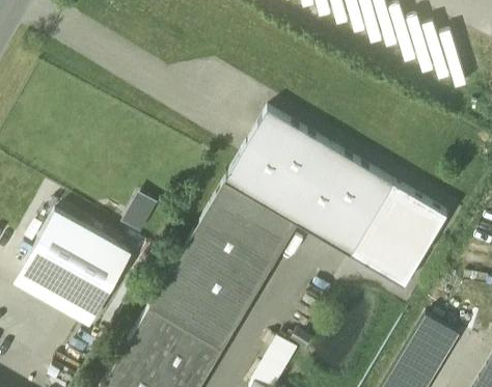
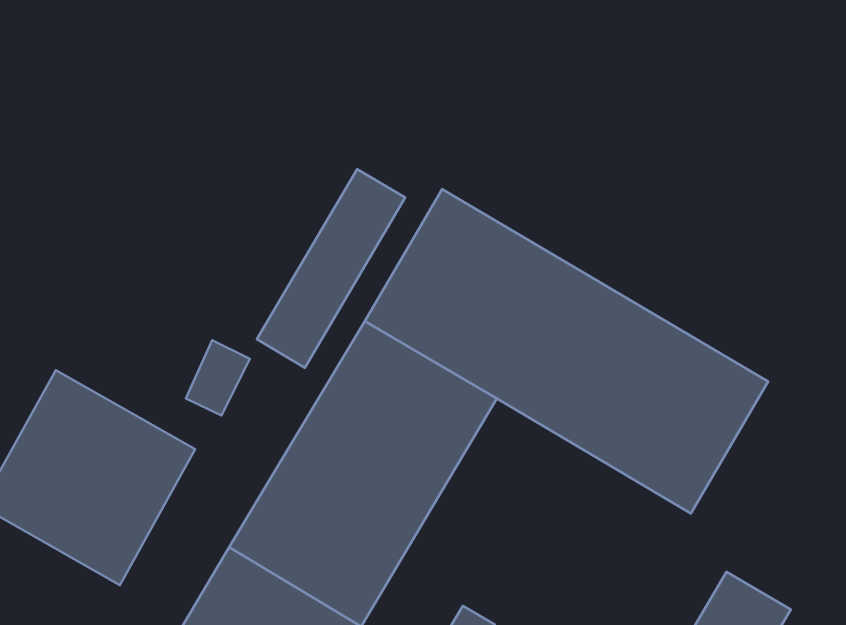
building: none -> [257,169,405,368]

